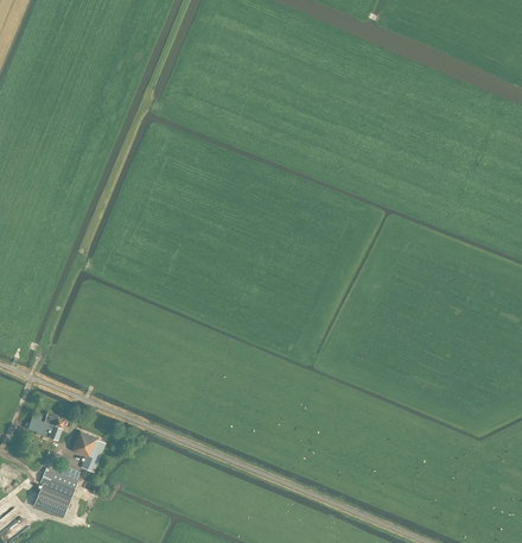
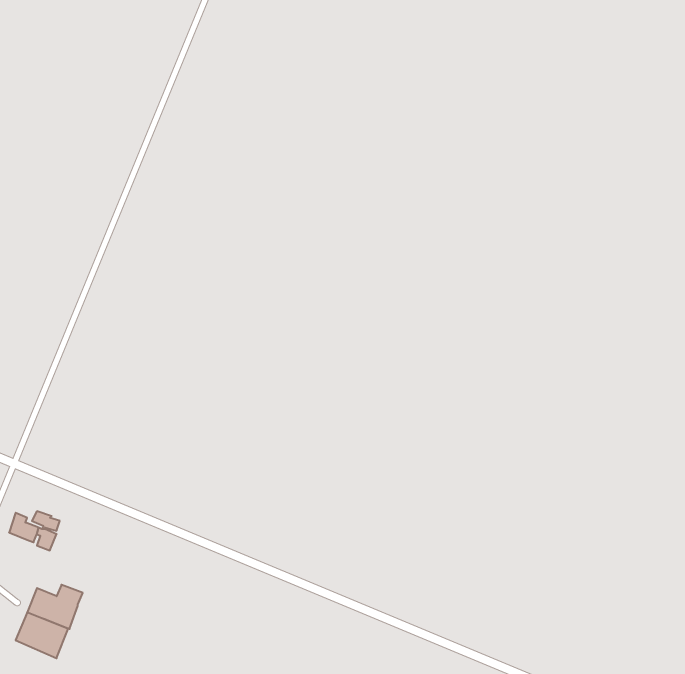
building: [71,429,106,471] -> none

